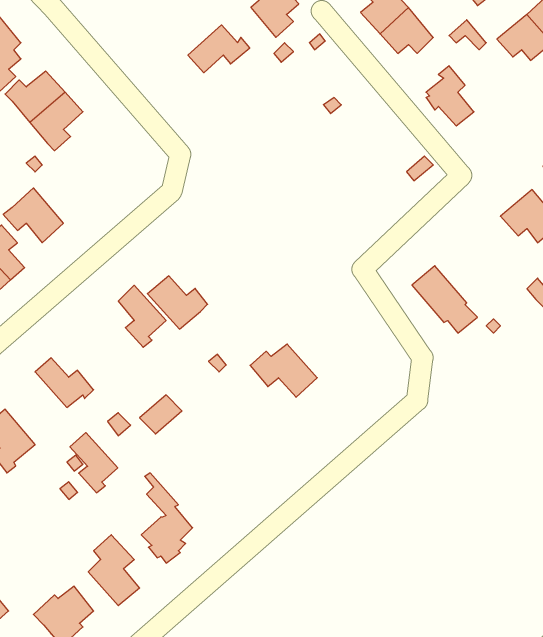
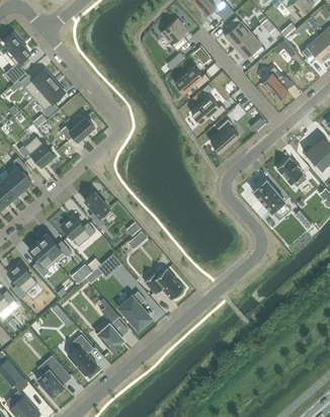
building: [188,25,250,73] -> [174,66,210,93]
building: none -> [191,97,227,123]
building: none -> [61,116,94,141]
building: none -> [211,118,239,152]
building: none -> [276,158,306,186]
building: [147,276,208,329] -> [61,216,95,246]
building: [250,344,317,397] -> [146,268,184,299]
building: [70,433,118,493] -> [28,241,56,275]
building: none -> [119,290,151,328]

